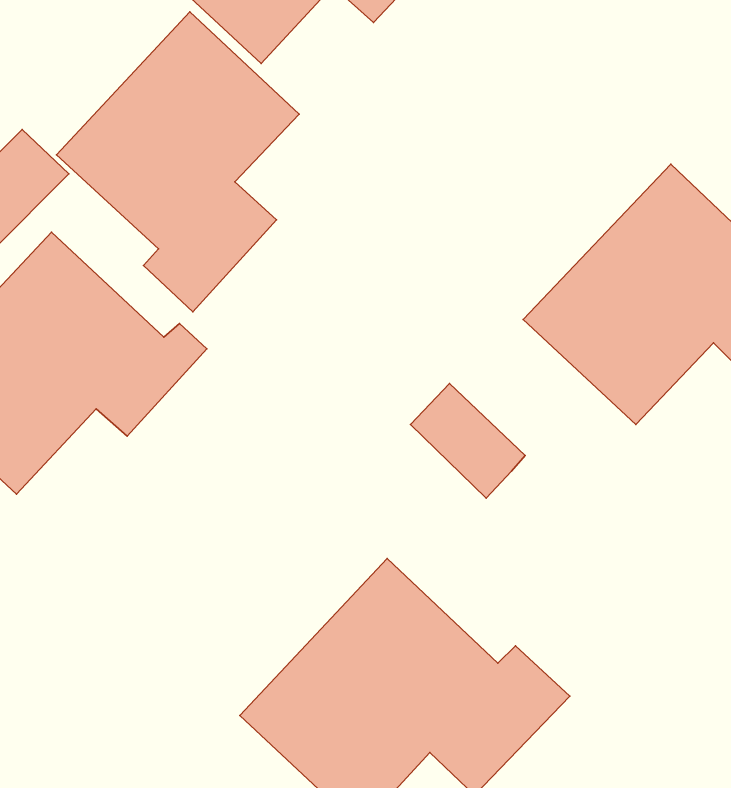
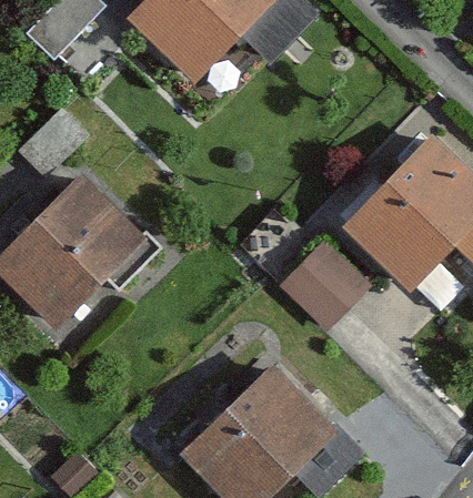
building: [57,12,299,312] -> none

